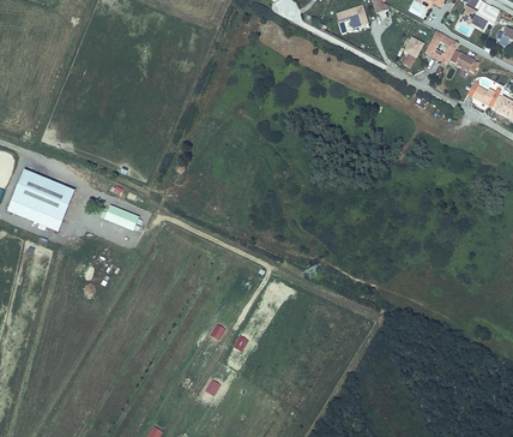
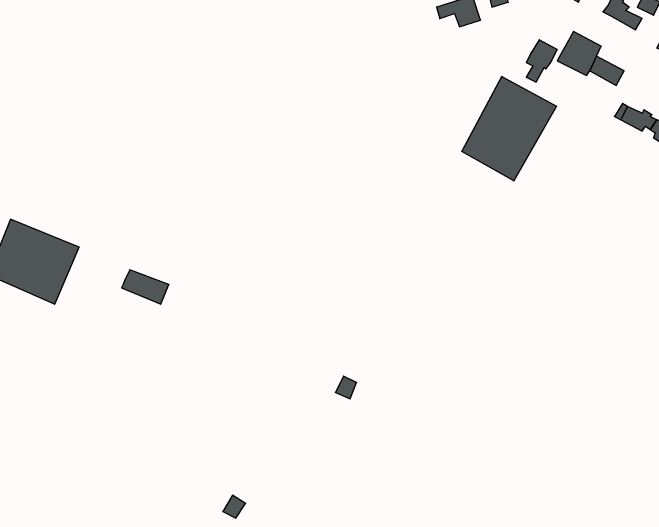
building: none -> [462,76,556,181]

